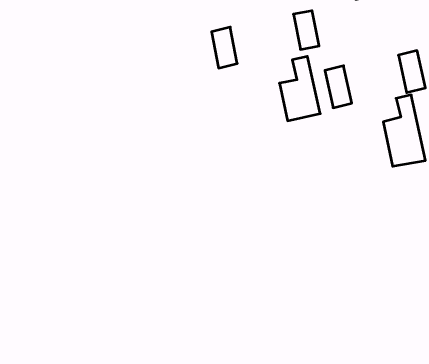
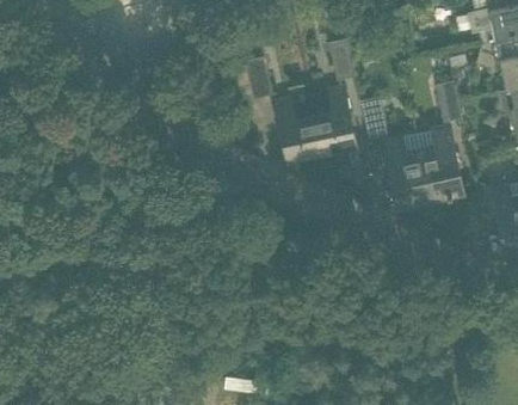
building: none -> [278,97,325,158]
building: none -> [386,135,432,204]

